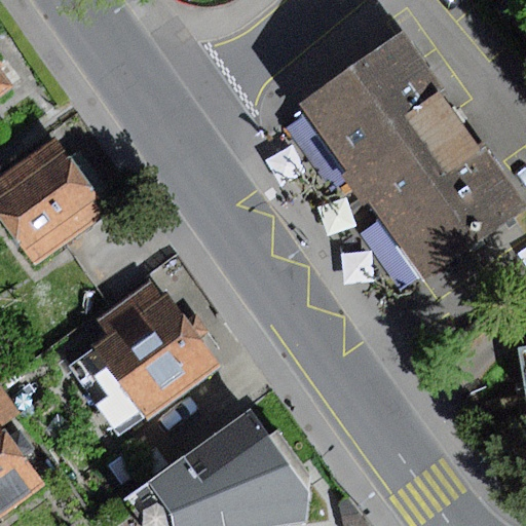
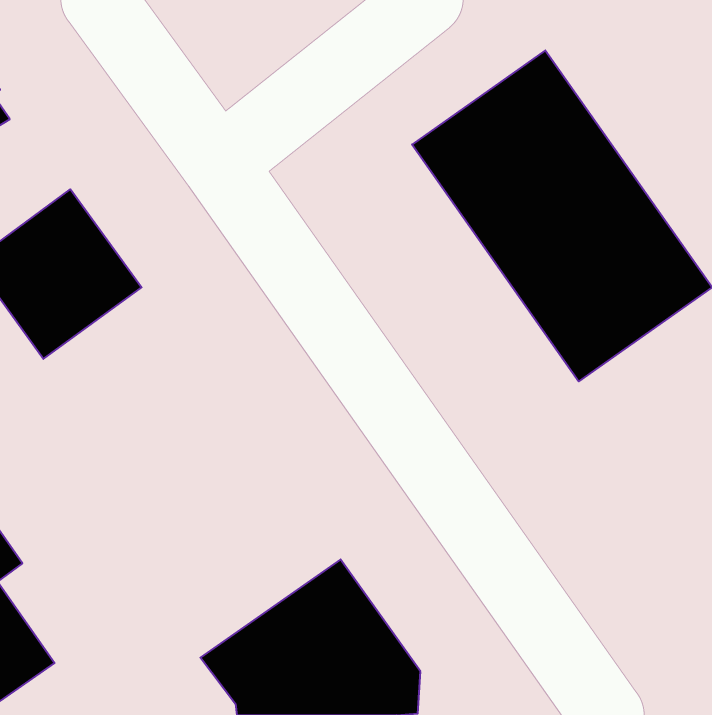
building: [65,273,220,440] -> none

